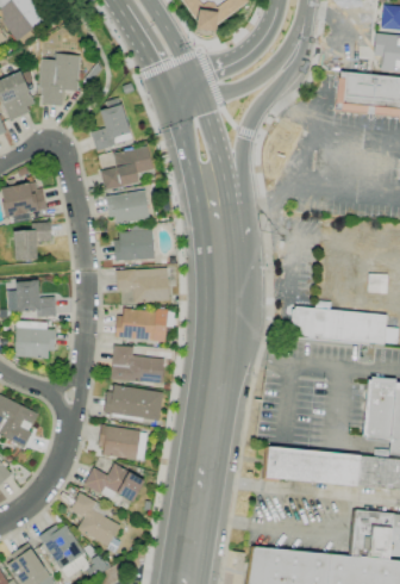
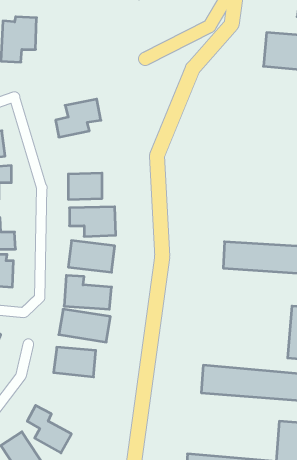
building: [90,97,132,150] -> none
building: [107,190,150,224] -> none
building: [83,462,145,502] -> none

